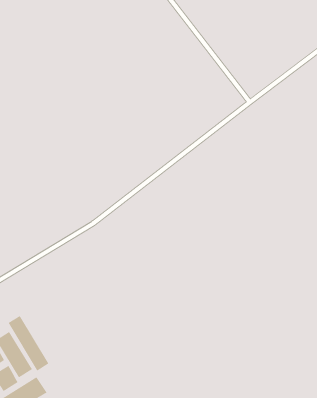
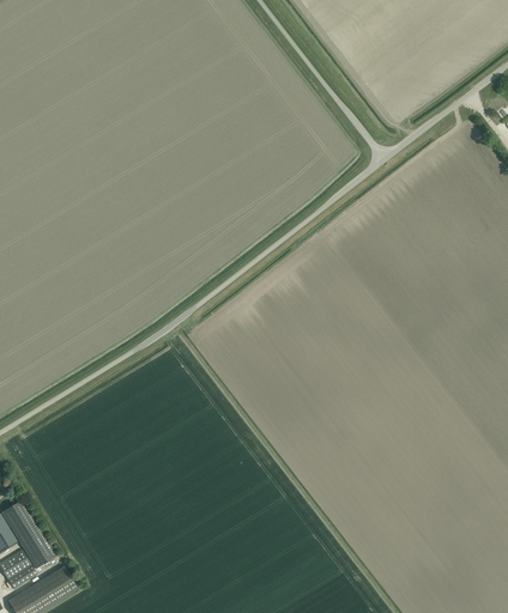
building: [8,315,49,371] -> none

